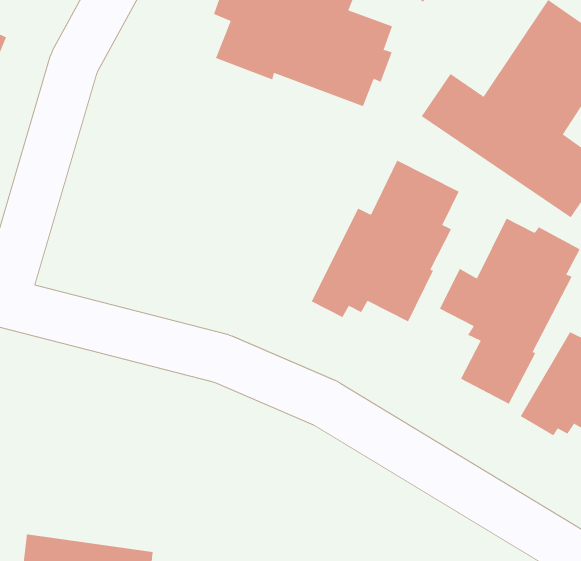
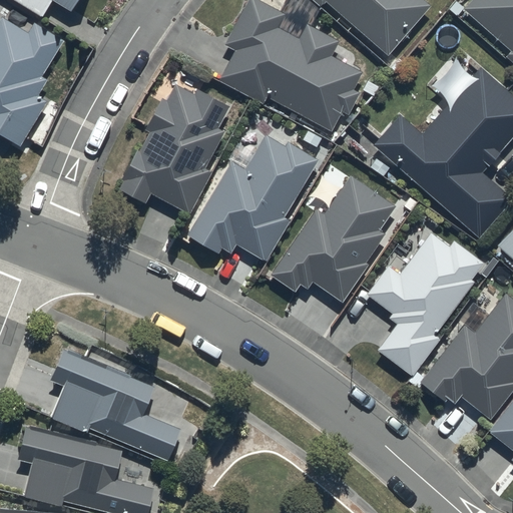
building: none -> [119,84,229,212]
building: none -> [187,133,318,263]
building: none -> [50,349,179,461]

